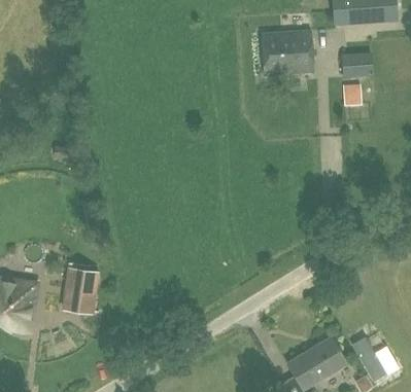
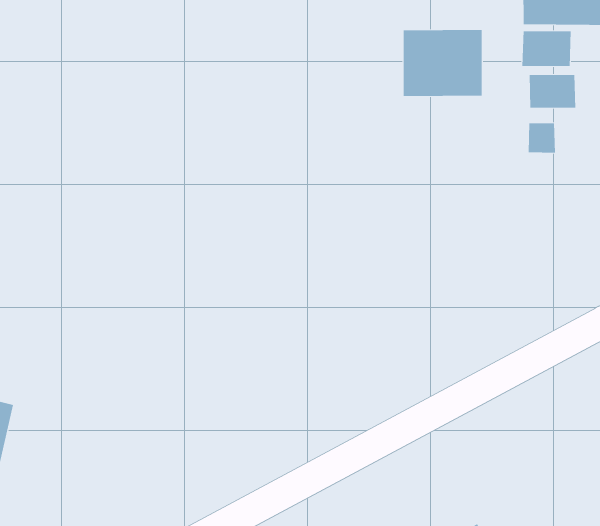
building: none -> [522,30,571,67]
building: [62,269,97,312] -> none

